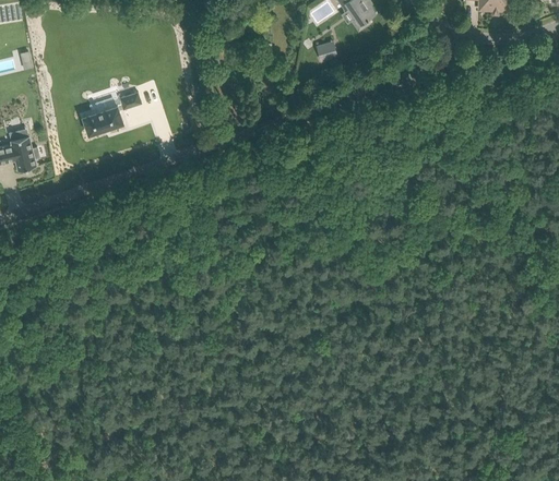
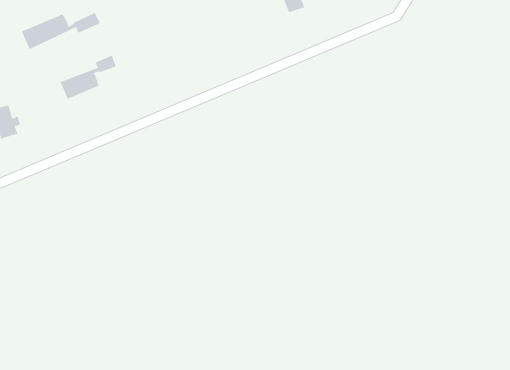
building: none -> [21,12,101,50]

